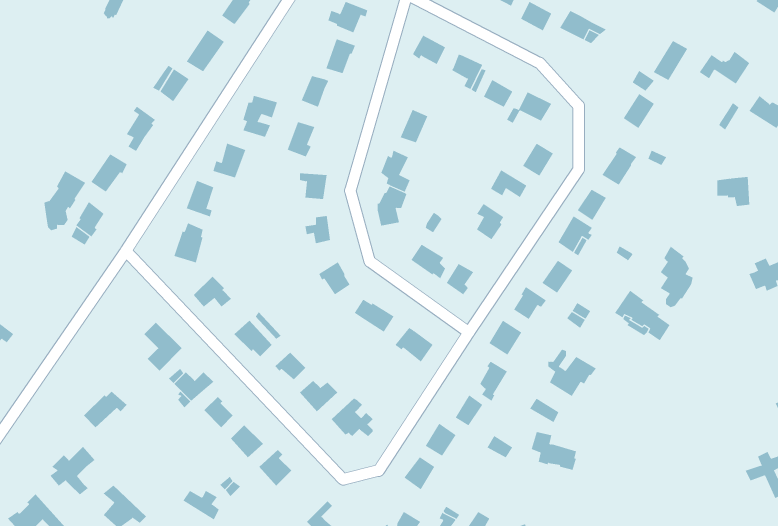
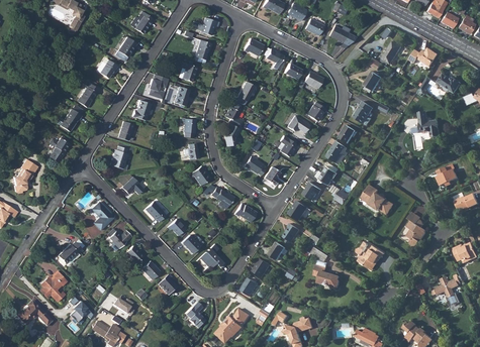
building: [44,171,86,231] -> [14,156,38,191]
building: [660,246,693,308] -> [405,211,424,246]
building: [547,349,597,397] -> [356,241,384,268]

